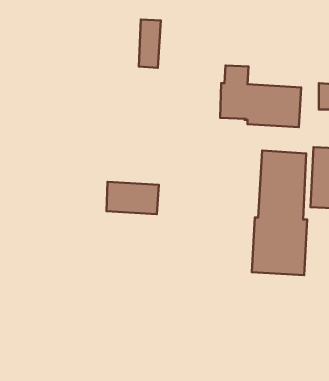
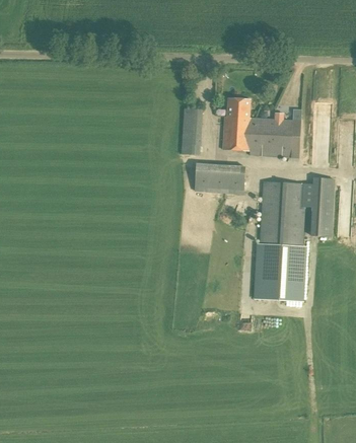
building: [139,19,161,68] -> [182,107,203,154]
building: [106,182,159,214] -> [195,162,245,194]

